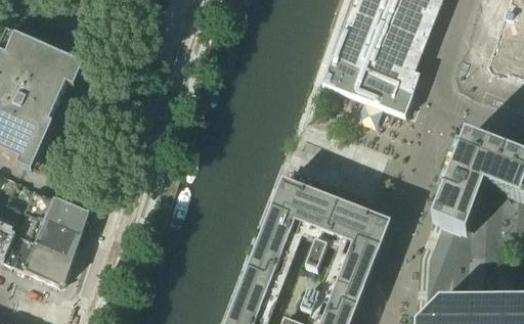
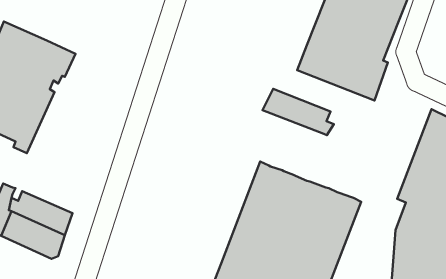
building: none -> [263,89,334,135]
building: [23,188,86,235] -> none

